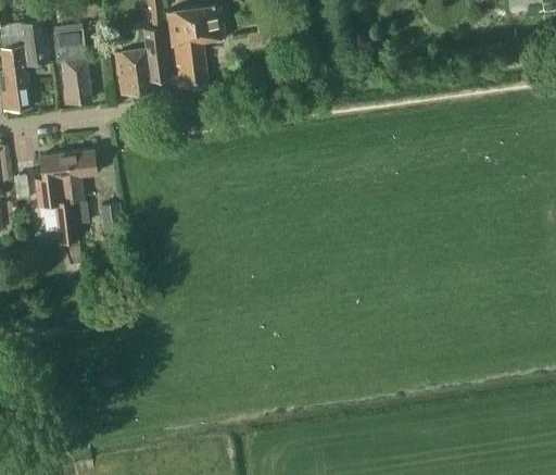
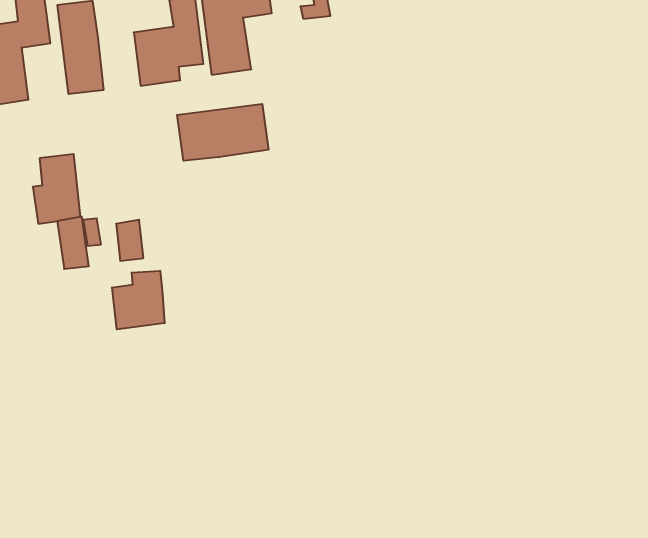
building: none -> [177,104,268,161]
building: [66,148,98,201] -> none
building: none -> [112,271,165,329]

